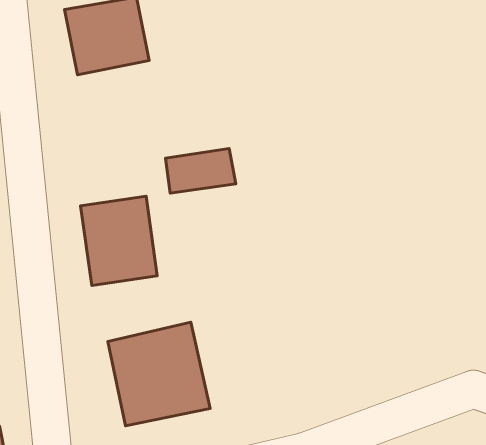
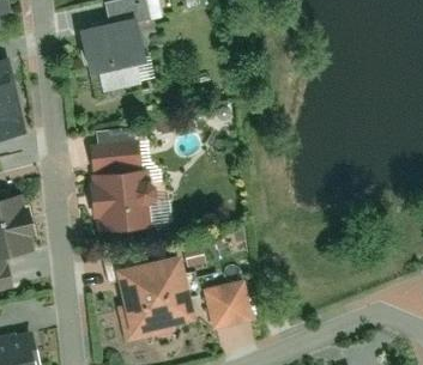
building: [165,149,236,193] -> [90,141,143,175]
building: none -> [203,280,250,326]

